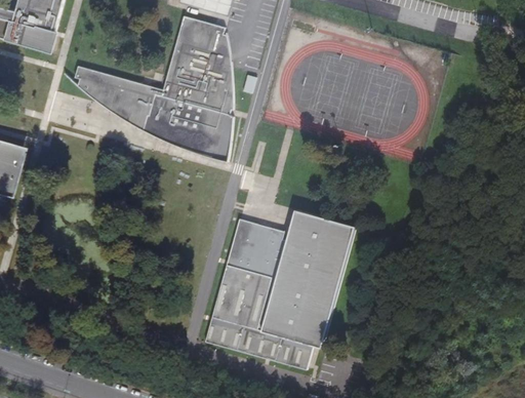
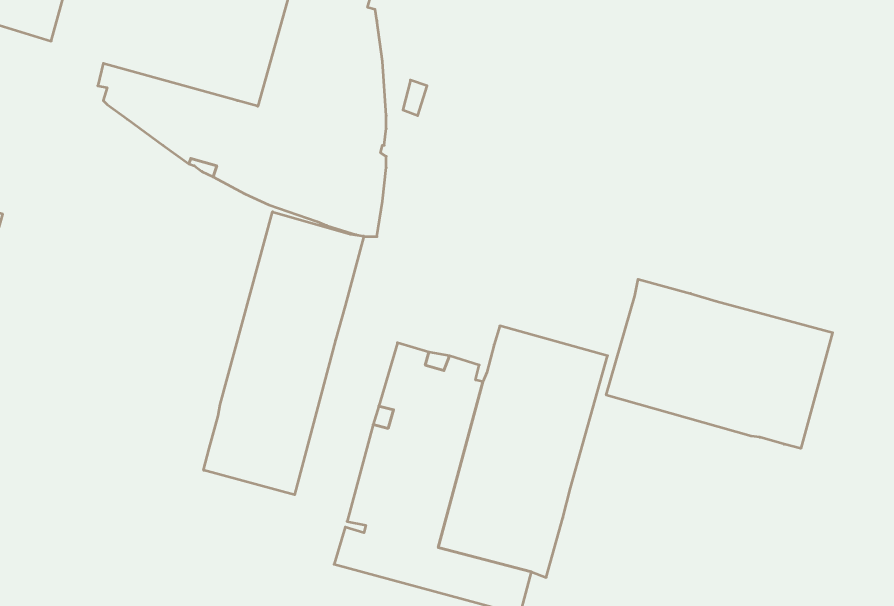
building: none -> [204,212,364,495]
building: none -> [606,279,833,448]

